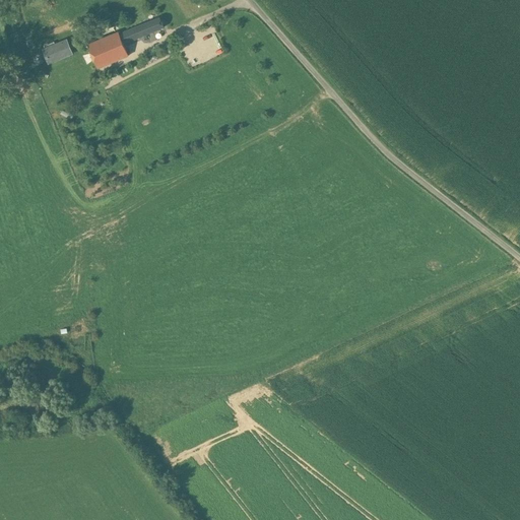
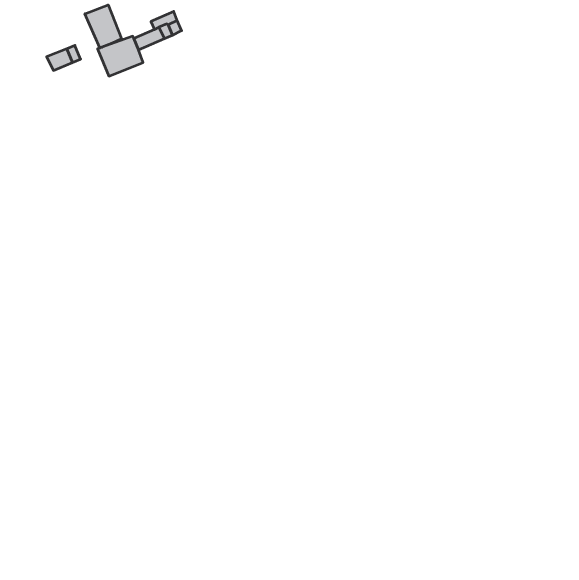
building: none -> [85,5,122,48]

